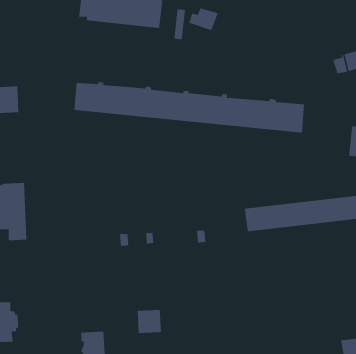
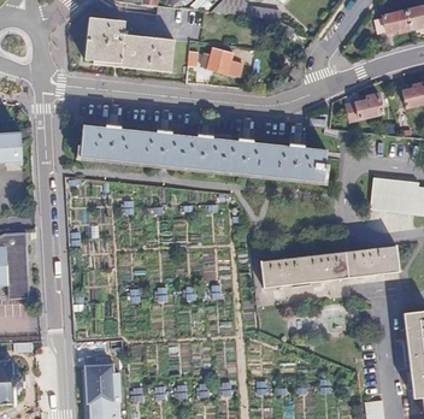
building: [137,309,162,334] -> [86,366,112,393]

